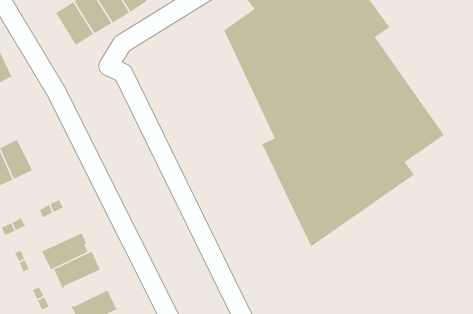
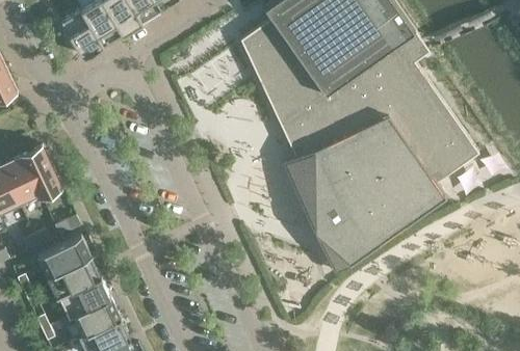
building: none -> [21,147,61,197]
building: none -> [37,236,90,277]
building: none -> [72,298,120,336]

